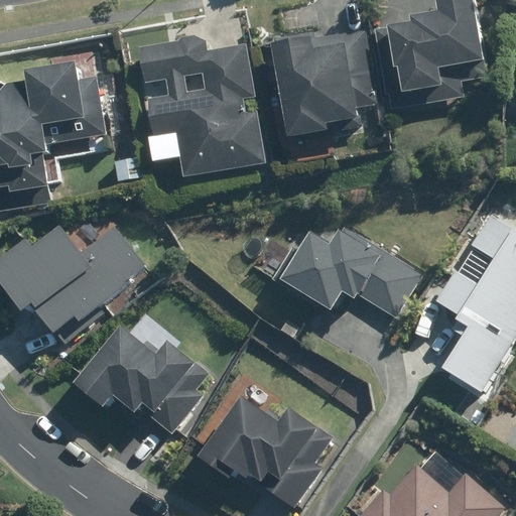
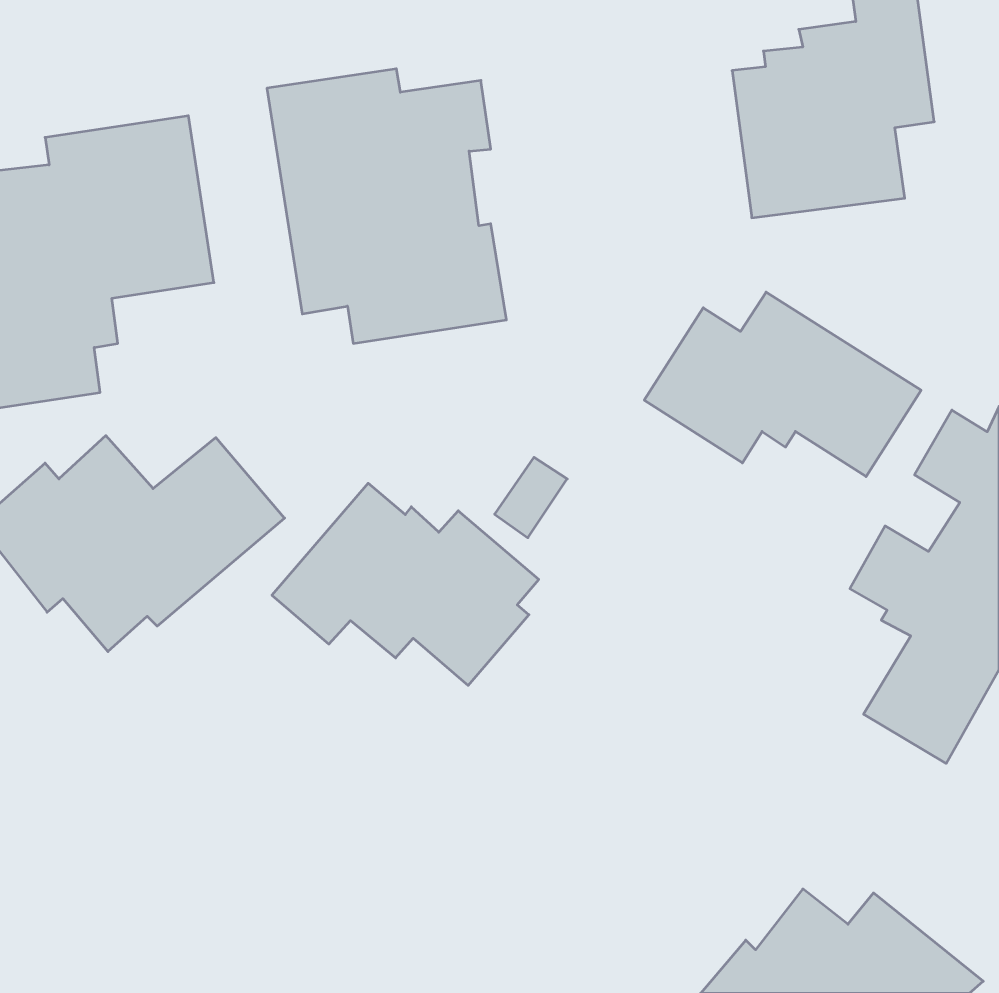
building: [272,27,369,141] -> none
building: [281,223,423,317] -> [644,292,921,477]
building: [72,326,209,429] -> [272,483,539,685]
building: [199,397,338,506] -> none

